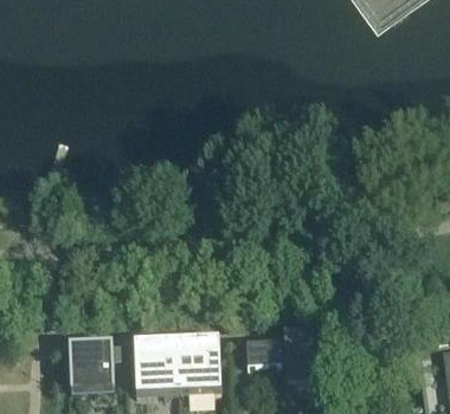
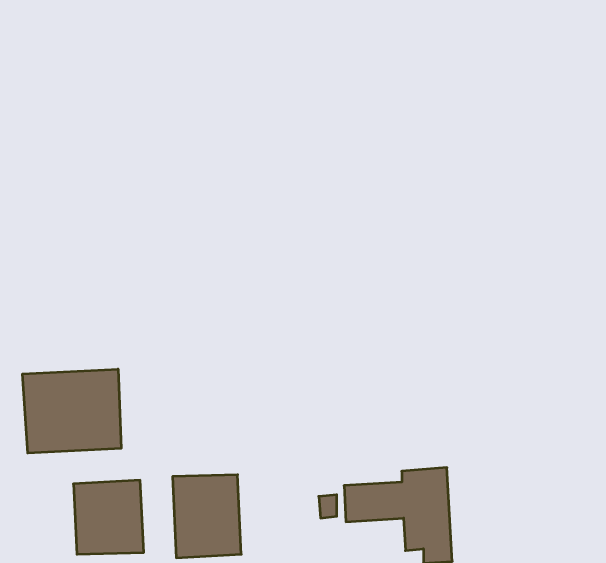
building: none -> [23,369,121,453]
building: [178,344,223,399] -> none

